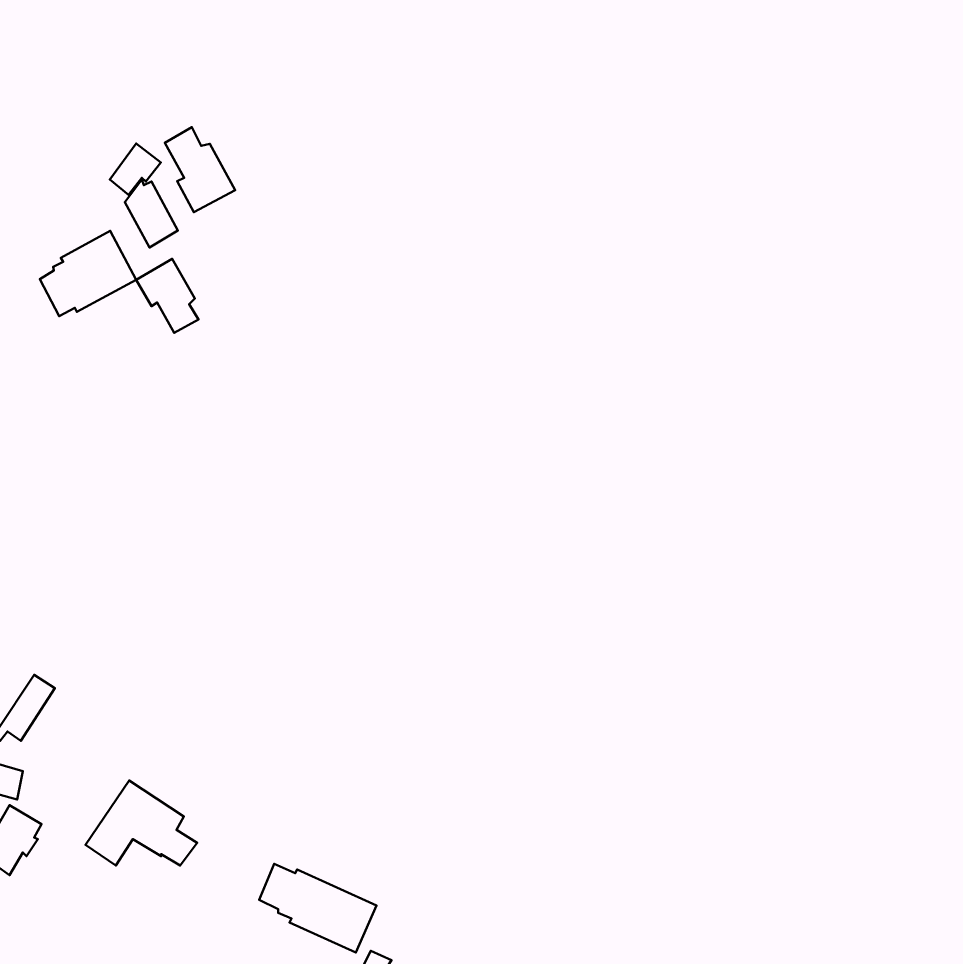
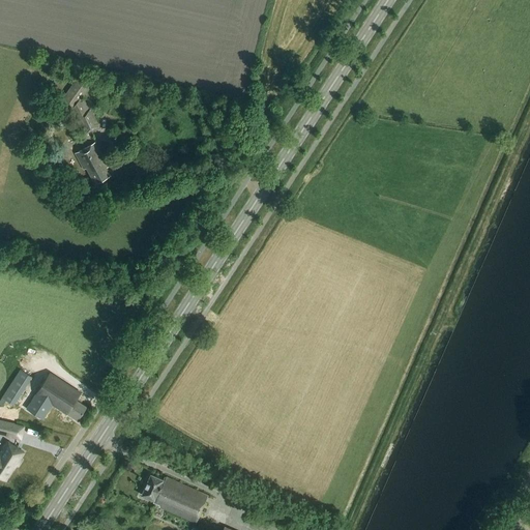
building: [165,127,235,212] -> none
building: [40,231,136,316] -> none
building: [86,781,197,866] -> [25,375,86,421]

